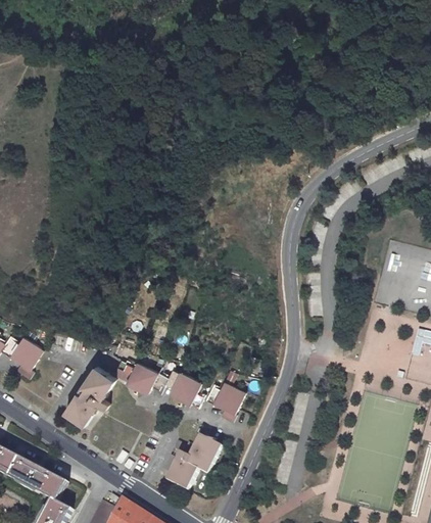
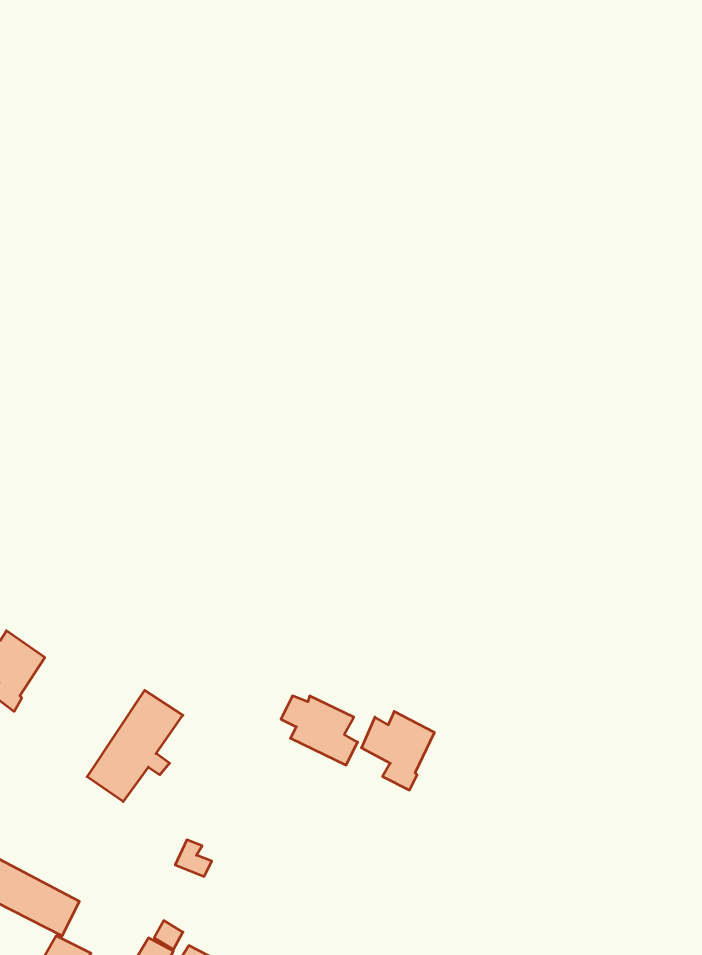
building: [117,359,166,396] -> none
building: [170,432,226,490] -> none

